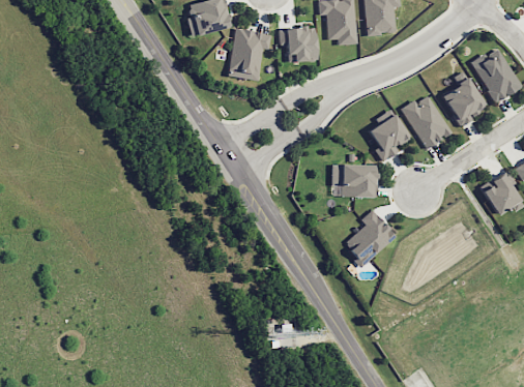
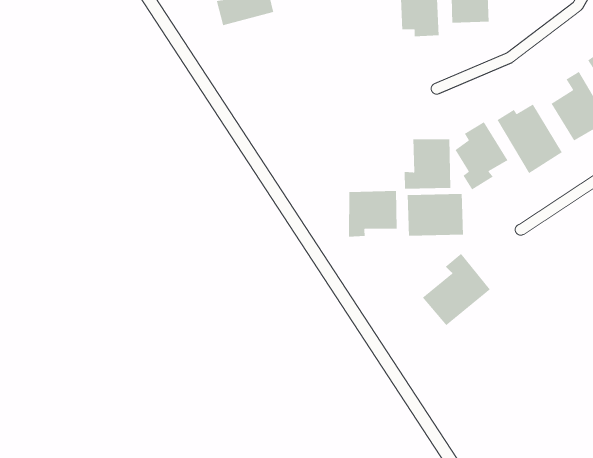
building: [280,26,317,62] -> none
building: [229,28,271,80] -> none
building: none -> [404,138,451,190]
building: none -> [348,190,398,237]

